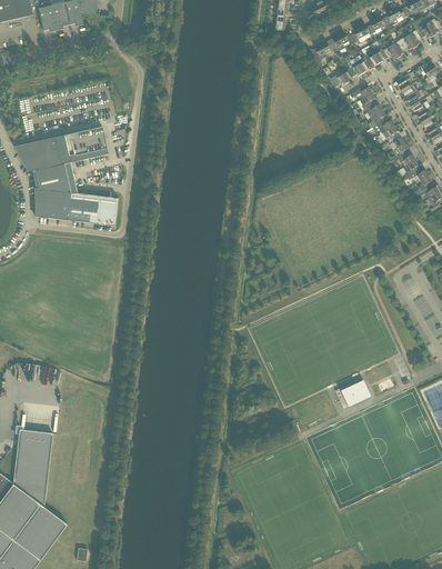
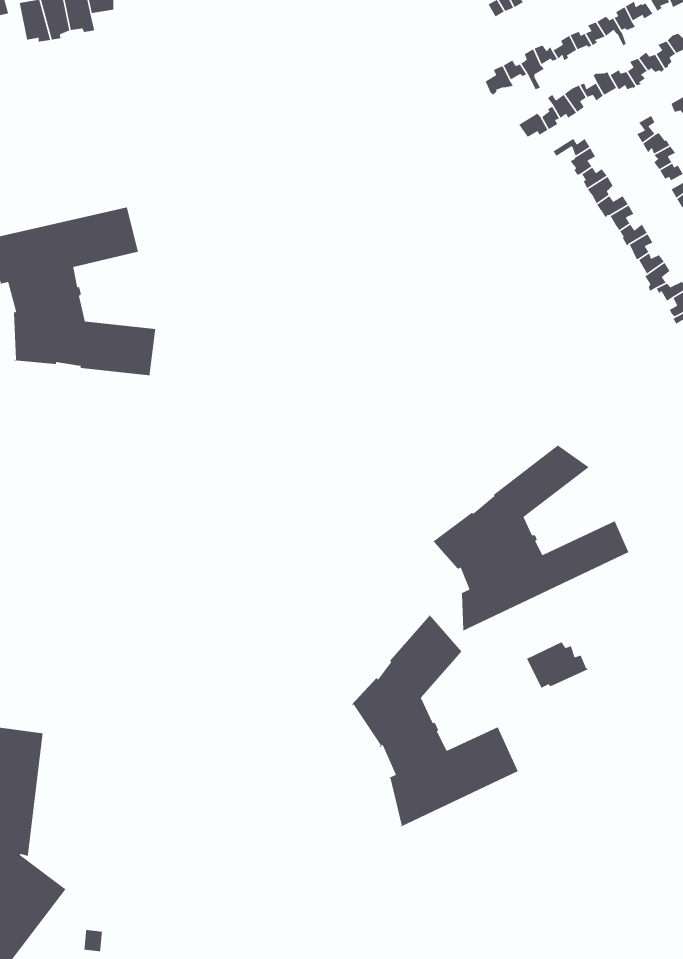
building: none -> [431,445,629,632]
building: none -> [351,614,519,827]

